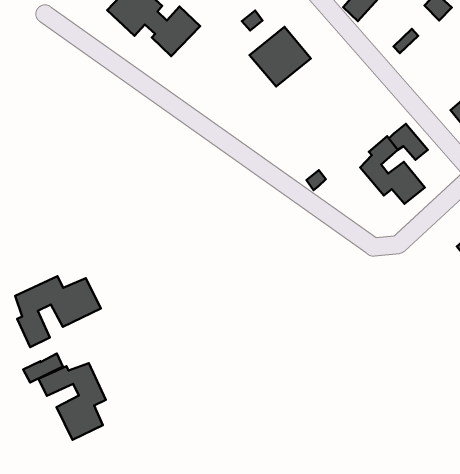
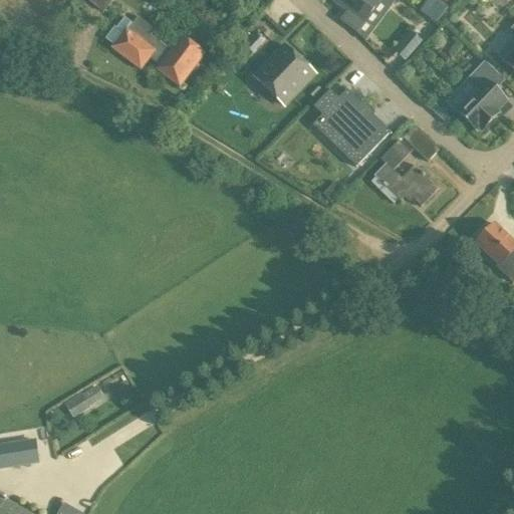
building: none -> [312,87,391,166]
building: [15,276,101,347] -> none
building: [39,363,106,440] -> none

